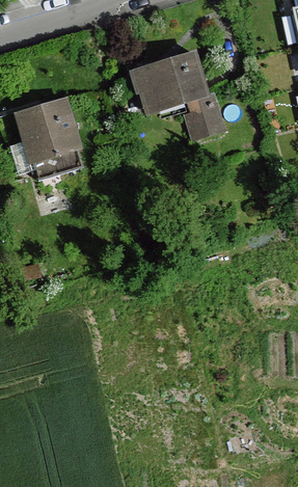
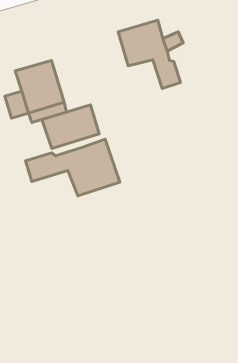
building: none -> [42,105,99,149]
building: none -> [25,139,120,196]

